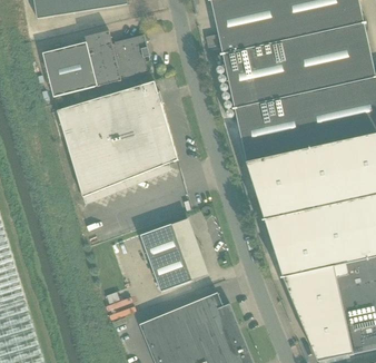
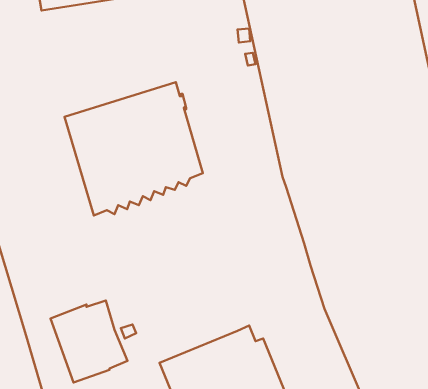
building: [42,30,149,96] -> none
building: [140,219,207,291] -> [51,301,127,383]

